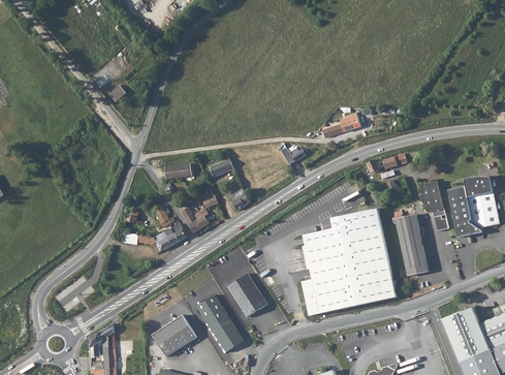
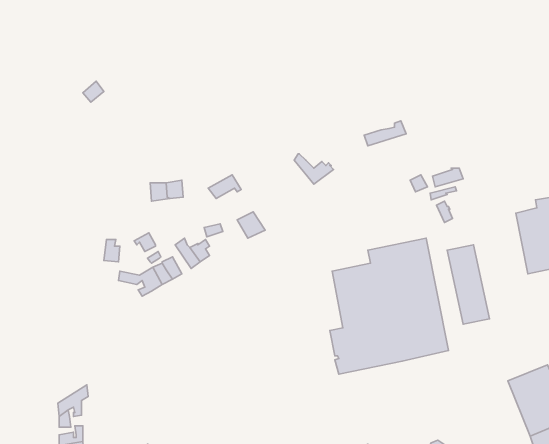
building: [421,180,446,216] -> none
building: [226,272,266,316] -> none
building: [196,293,244,351] -> none
building: [152,314,196,355] -> none

